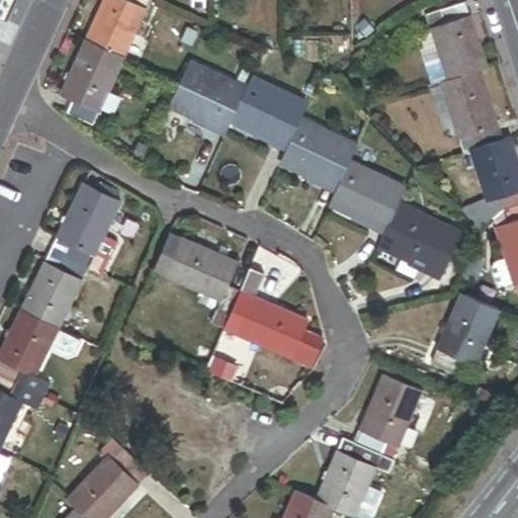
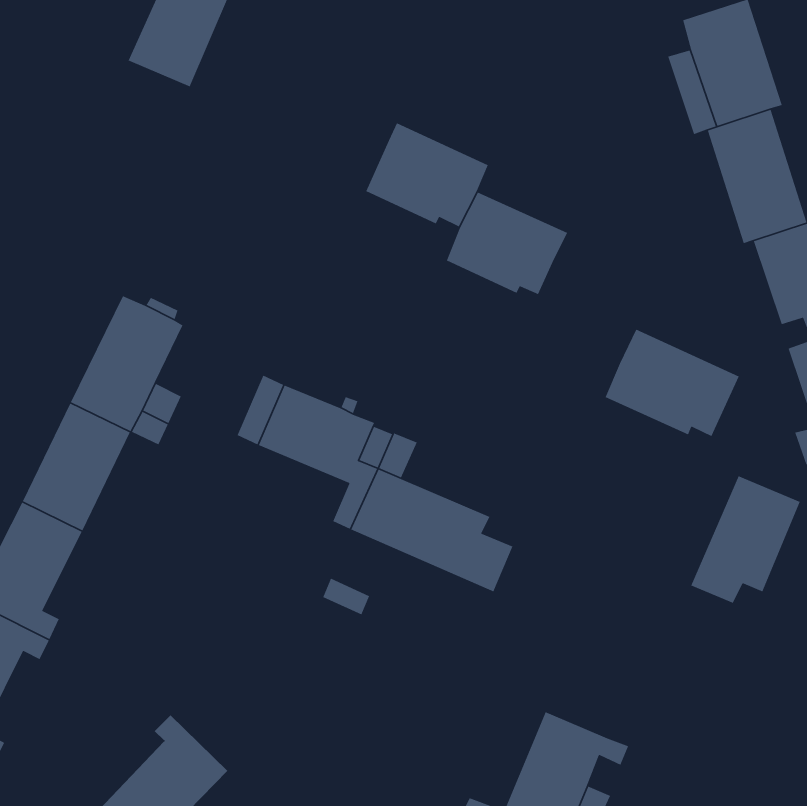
building: [62,40,124,124] -> none
building: [169,63,246,126] -> none
building: [329,162,406,226] -> none
building: [354,374,422,455] -> none

